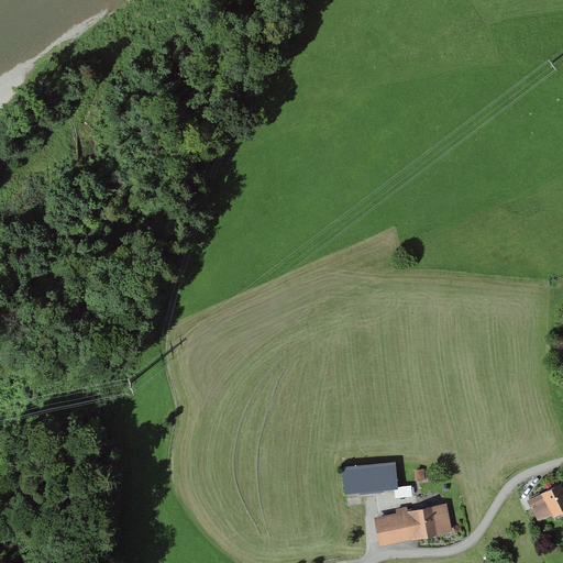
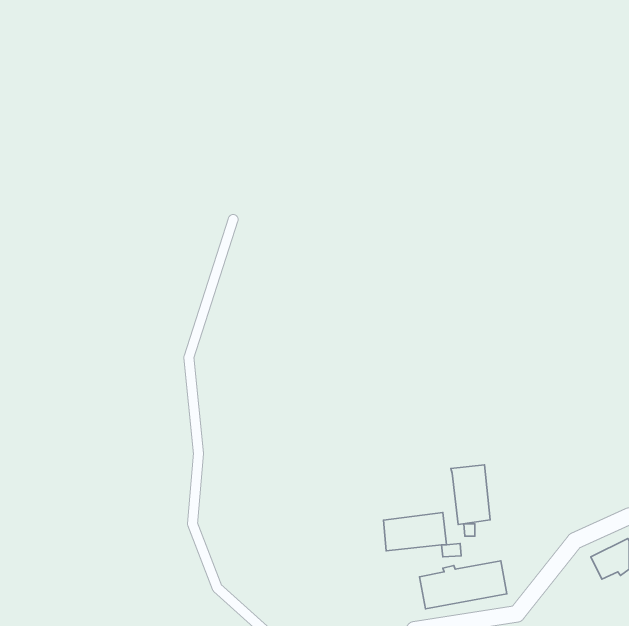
building: none -> [451,465,490,524]

